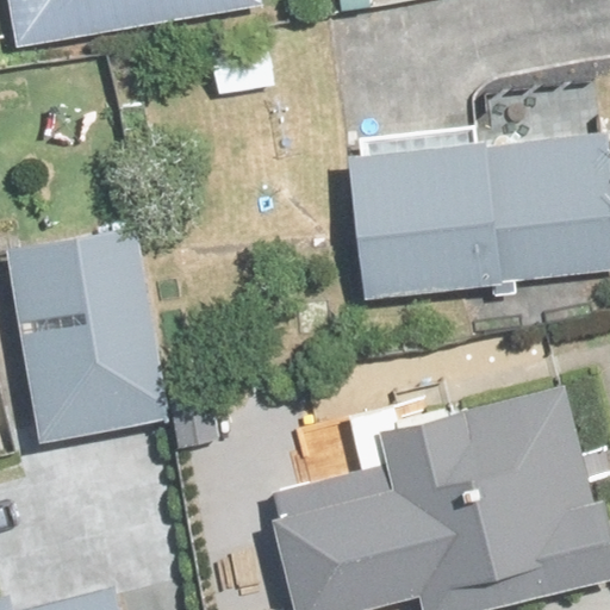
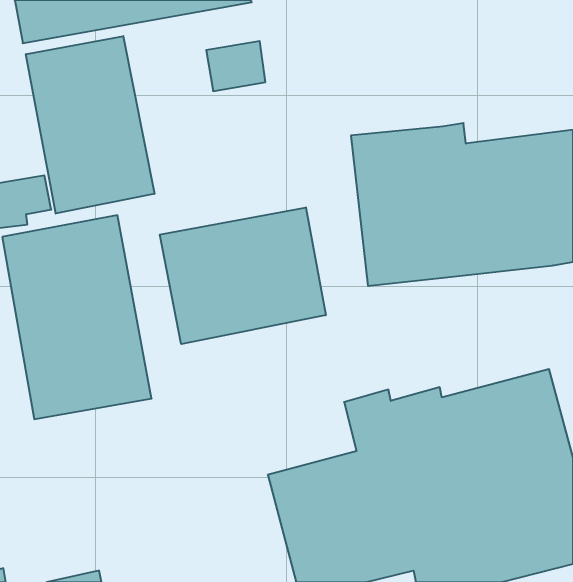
building: none -> [26,36,154,214]
building: none -> [160,207,326,344]

